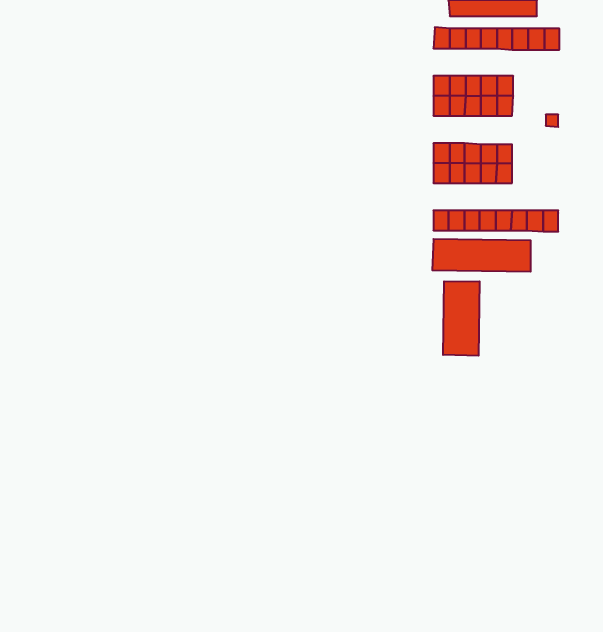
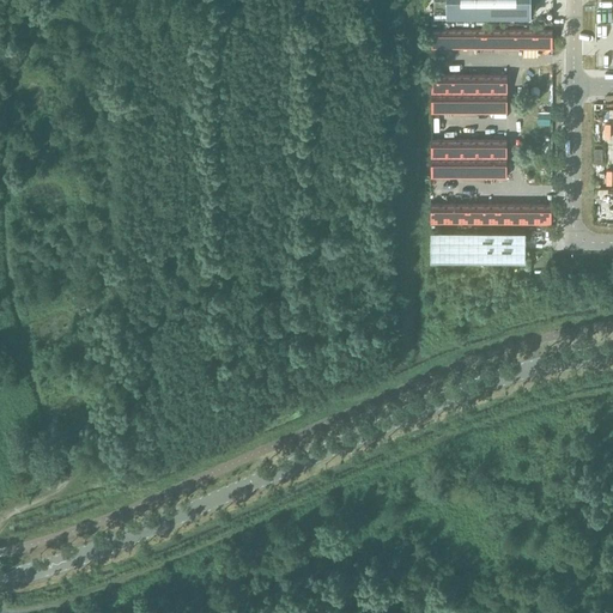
building: [443,281,480,356] -> none

